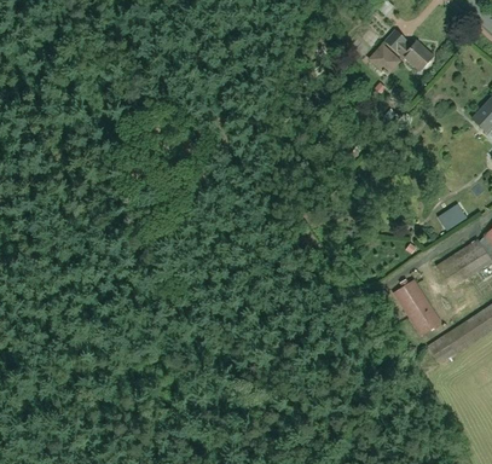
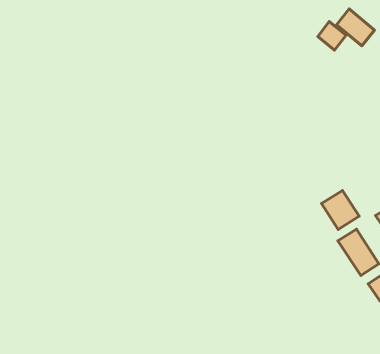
building: none -> [322,190,359,229]

